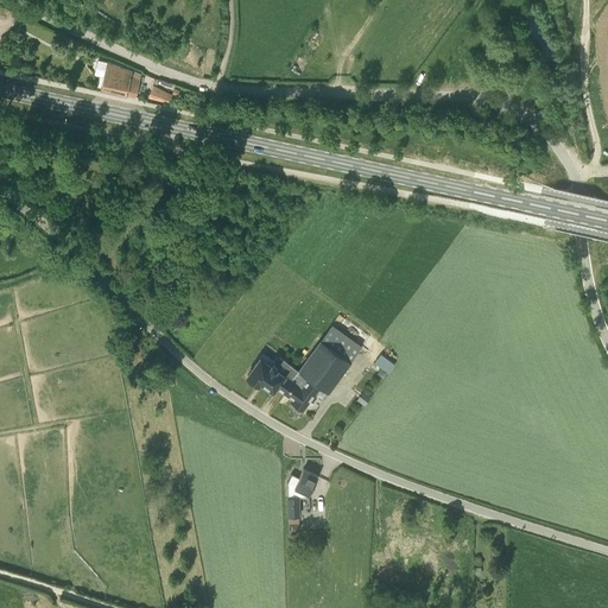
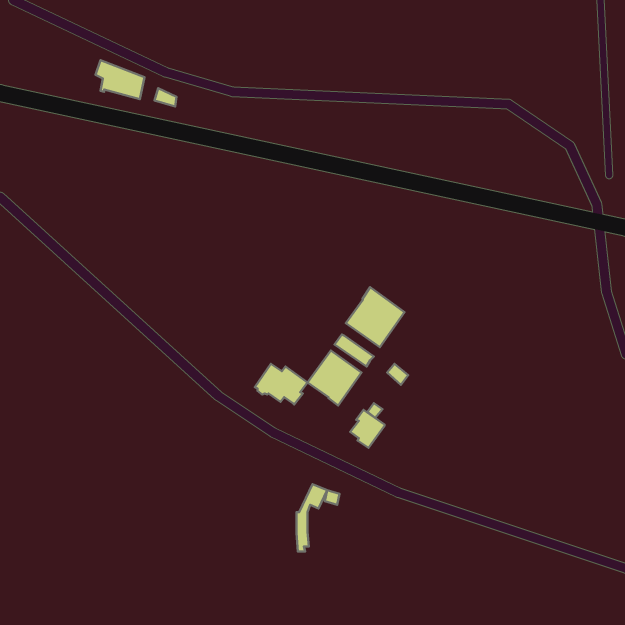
building: none -> [346,287,405,347]
building: [286,372,319,408] -> [350,410,384,448]

